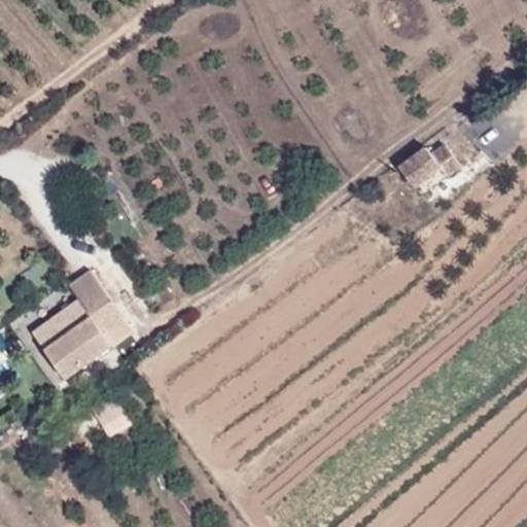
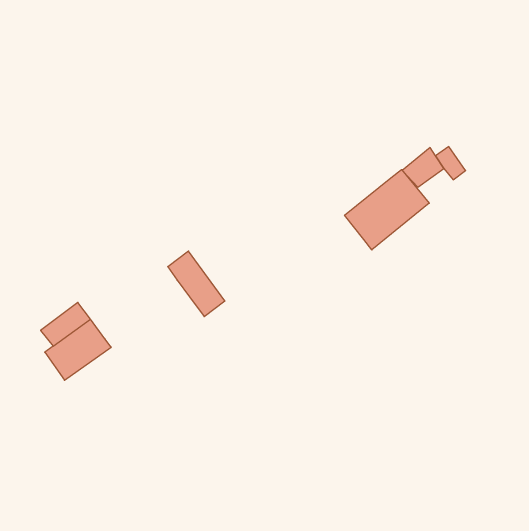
building: none -> [345,170,429,250]
building: [68,271,125,336] -> [168,251,225,317]

